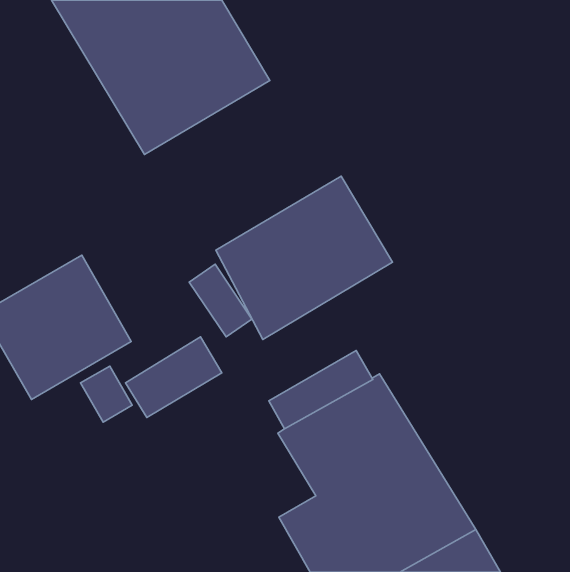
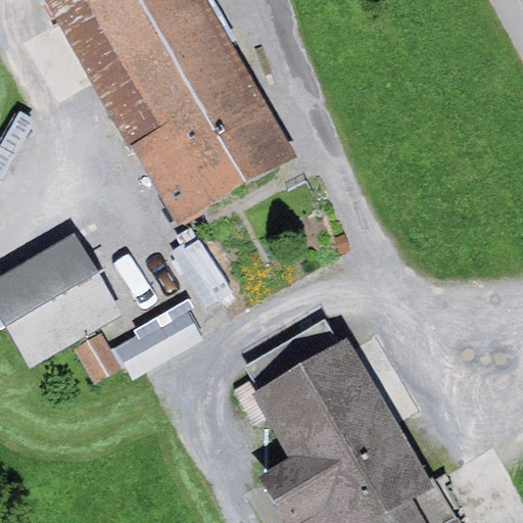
building: [216,176,393,340] -> [132,74,293,223]

